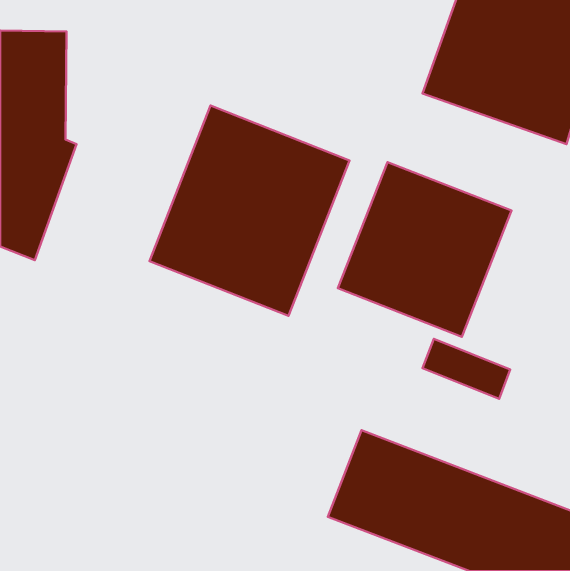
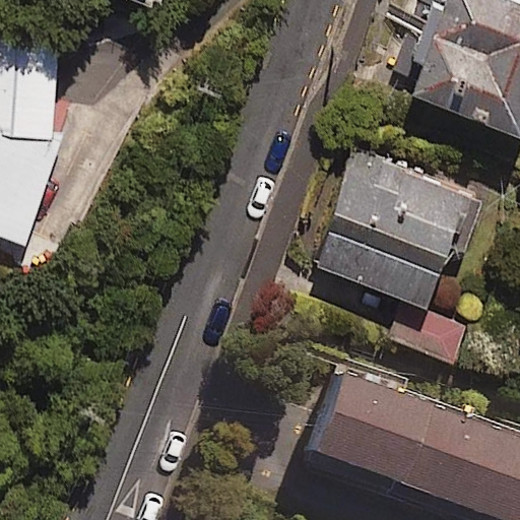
building: [149,105,349,316] -> none

